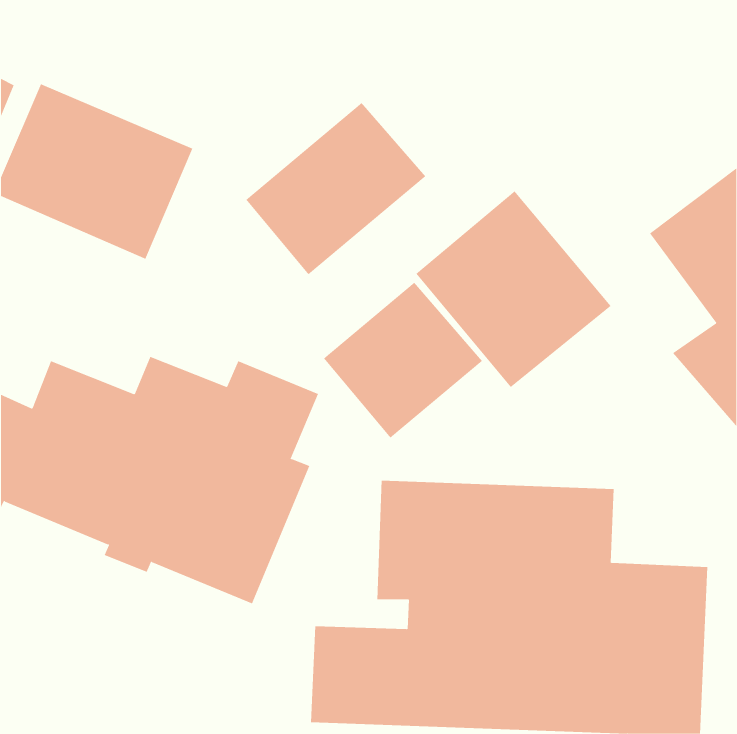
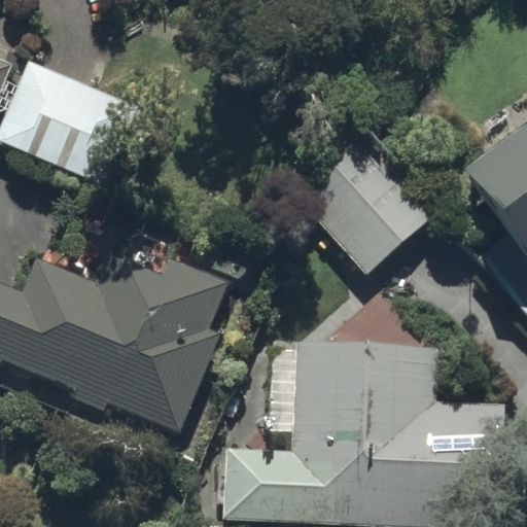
building: [245,102,426,275] -> none
building: [323,282,483,439] -> none

